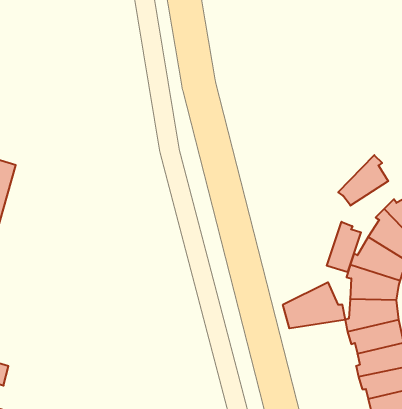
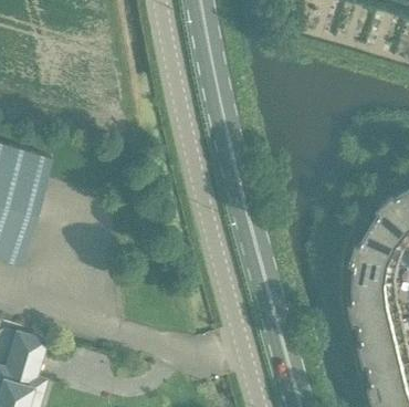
building: [338,155,388,206] -> none
building: [327,222,361,272] -> none
building: [283,282,345,328] -> none

